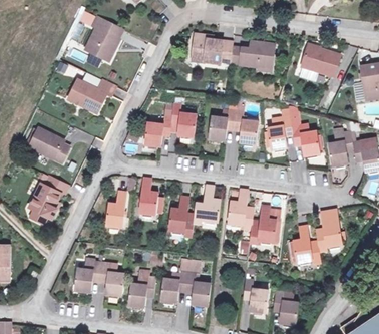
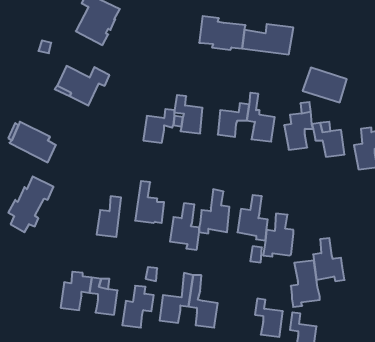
building: [303,49,341,79] -> [303,68,347,102]
building: [315,213,340,253] -> [291,260,320,307]

